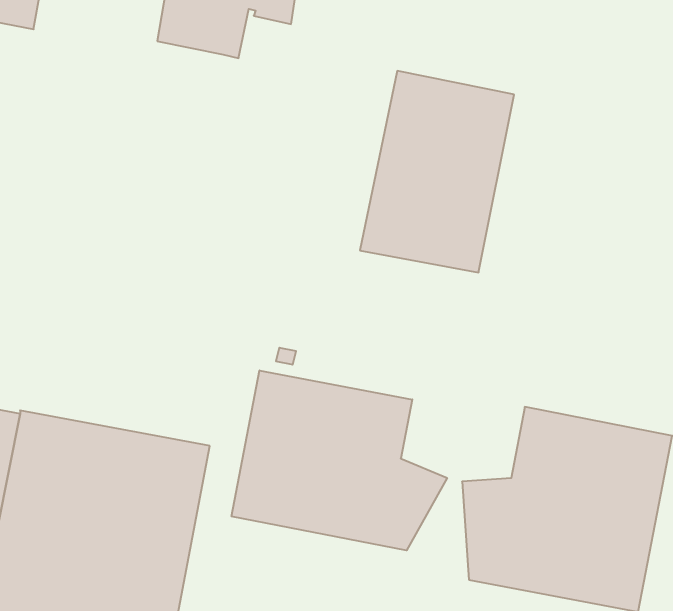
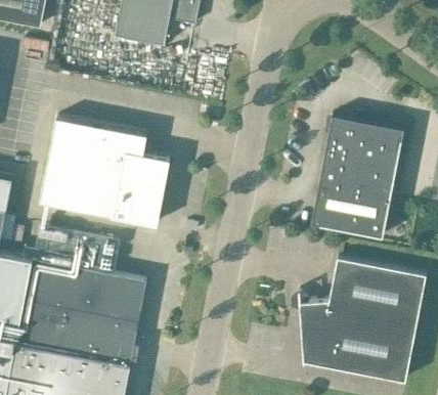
building: [360,71,514,272] -> [310,117,403,238]
building: none -> [40,120,169,226]
building: [232,370,447,550] -> none

